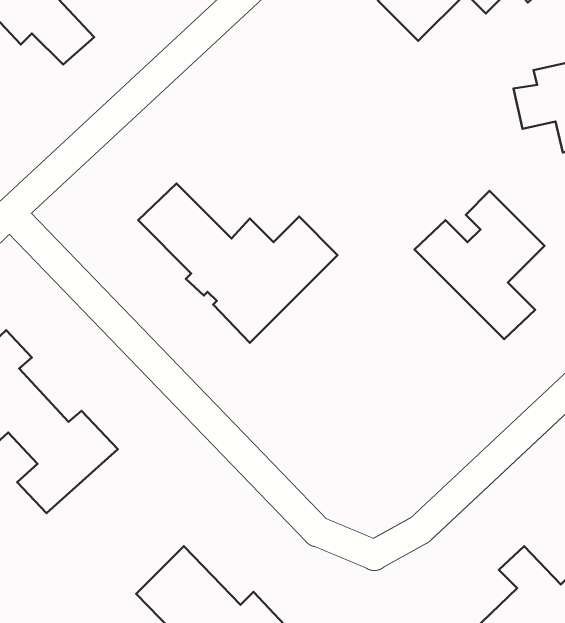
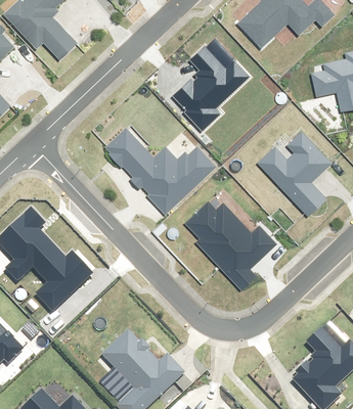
building: none -> [170,45,249,129]
building: none -> [185,199,278,289]

